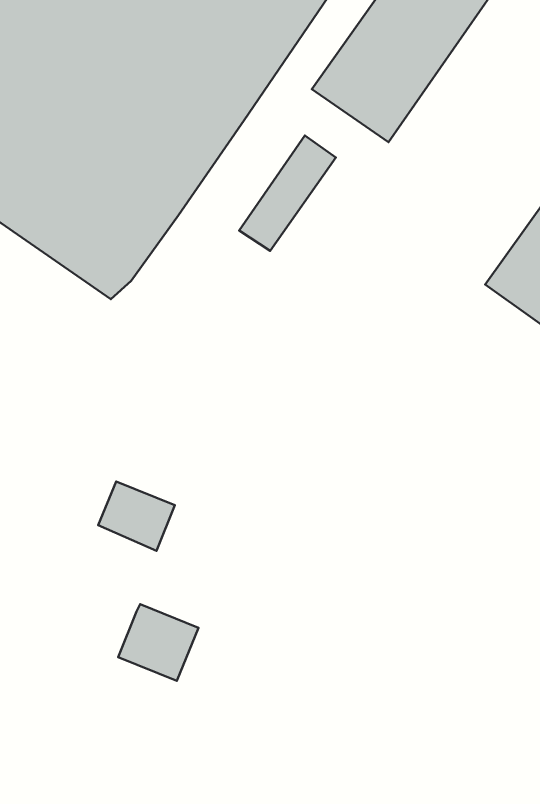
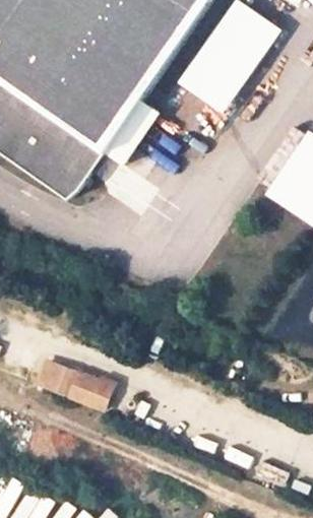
building: [239,136,336,251] -> [102,100,155,164]
building: [98,481,175,551] -> [36,360,78,398]

